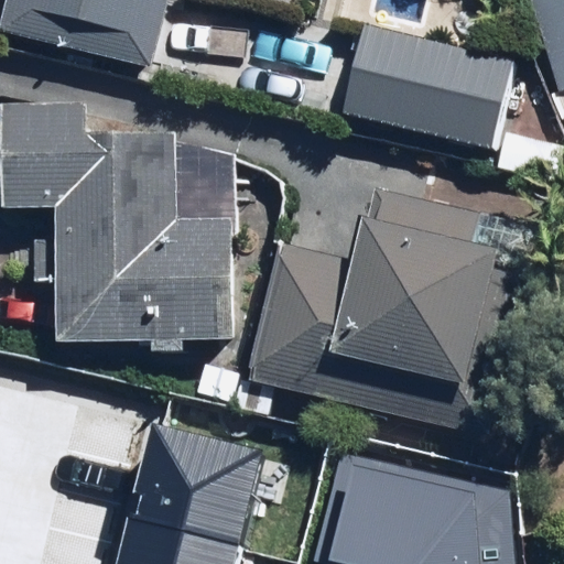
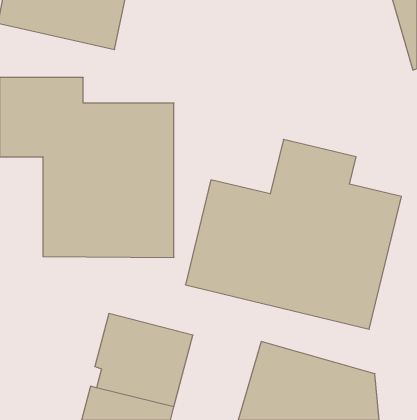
building: [340,26,512,151] -> none

